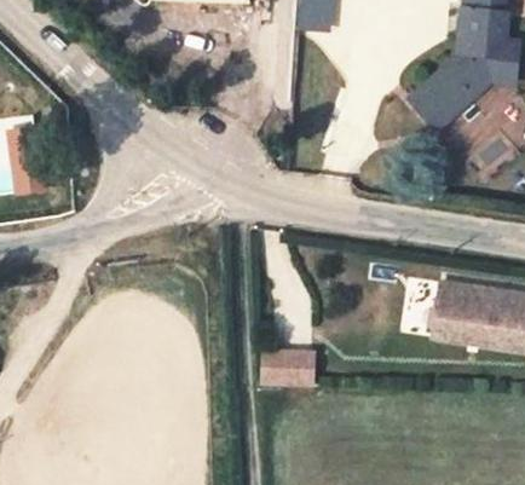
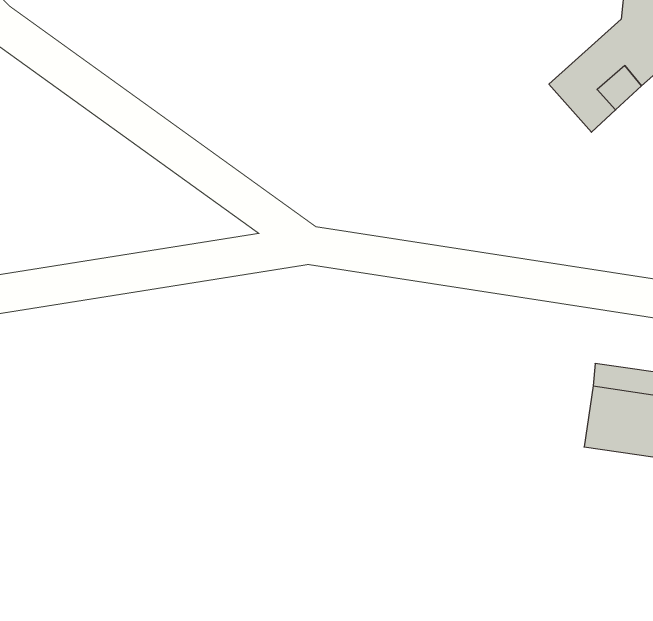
building: [264,351,312,383] -> none

